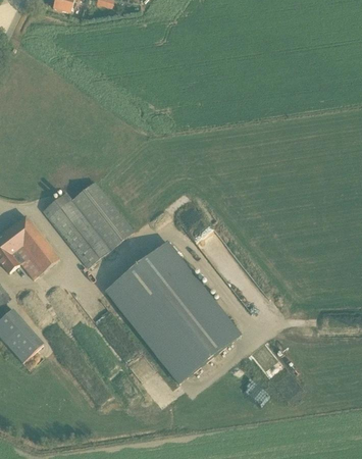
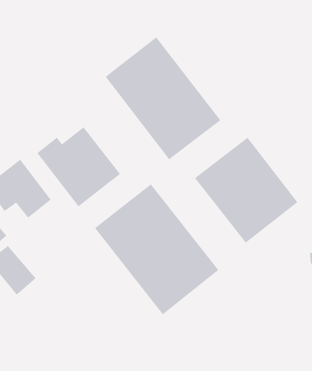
building: none -> [105,37,221,160]
building: none -> [194,137,298,243]

